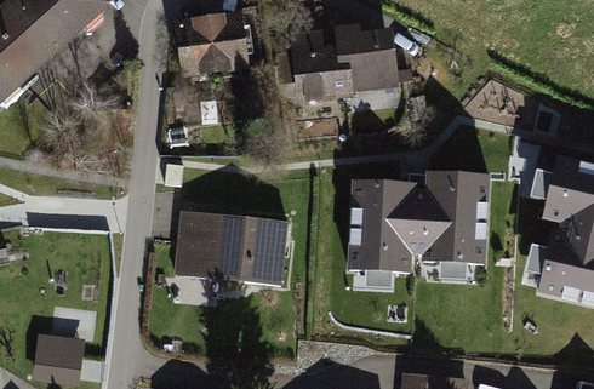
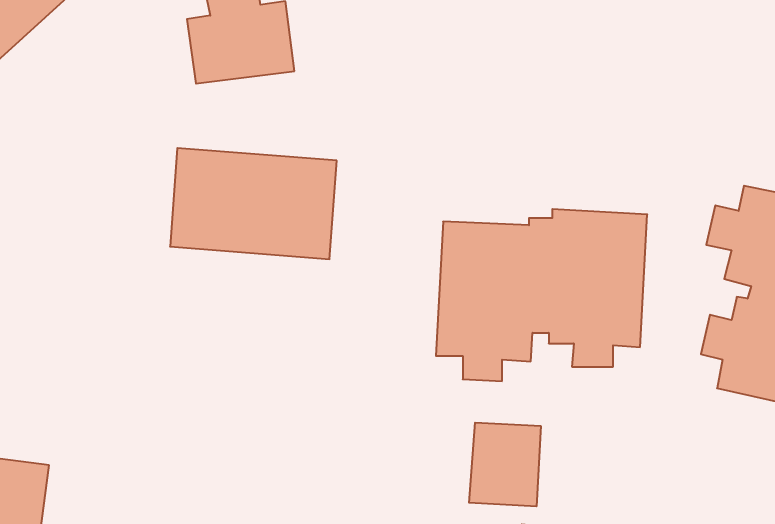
building: [274,27,396,107] -> none
building: [175,211,287,286] -> [170,148,337,259]
building: none -> [469,423,541,506]

